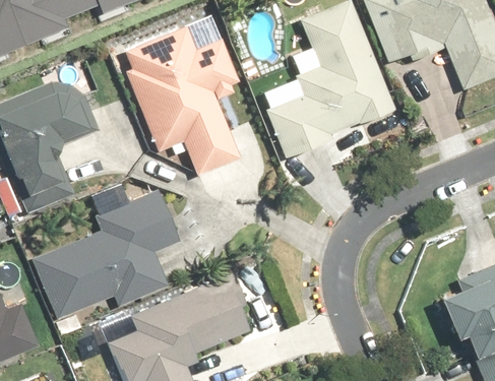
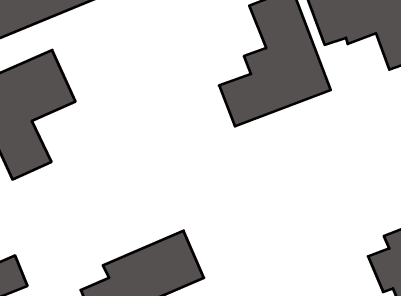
building: [118,21,243,176] -> none
building: [28,194,178,319] -> none

